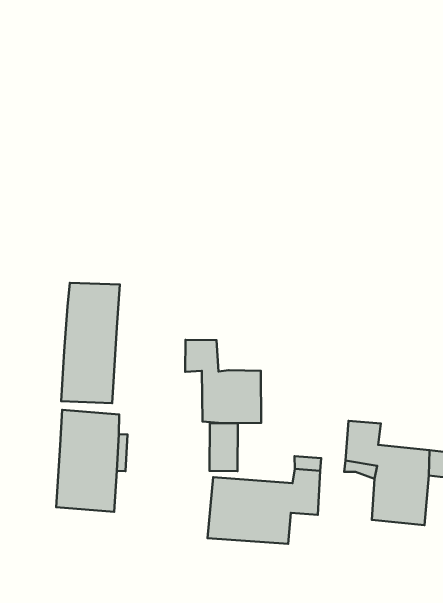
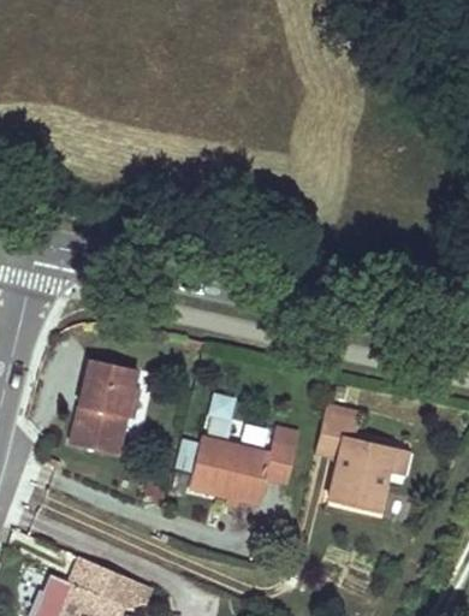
building: [61,283,120,403] -> none
building: [185,340,261,423] -> none

